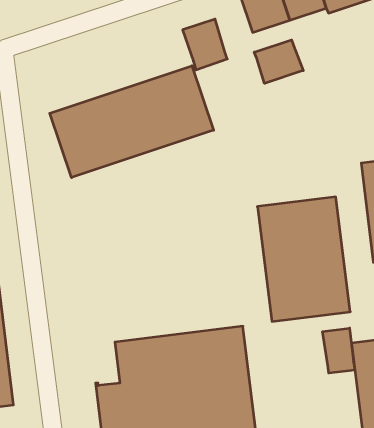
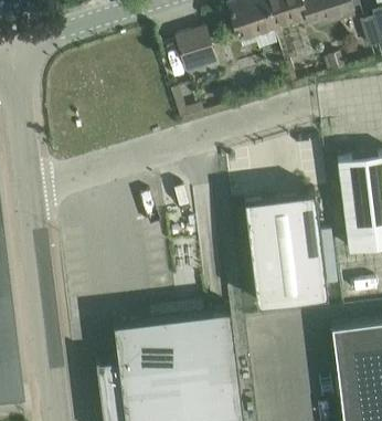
building: [254,40,303,83] -> none
building: [50,66,214,178] -> none
building: [323,328,355,373] -> none

